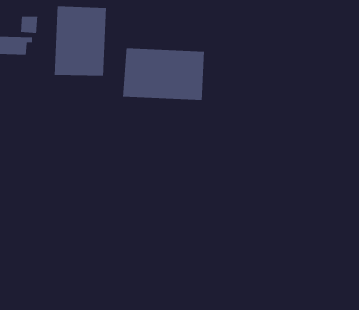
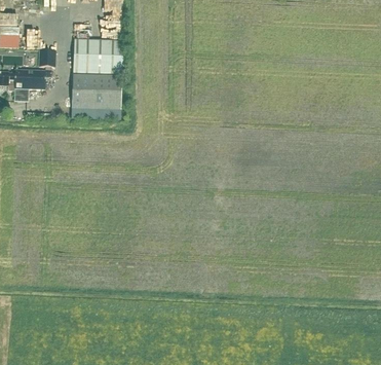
building: [122,48,205,101] -> none

